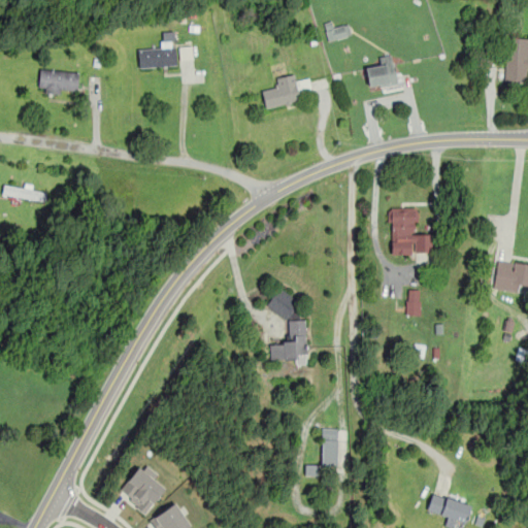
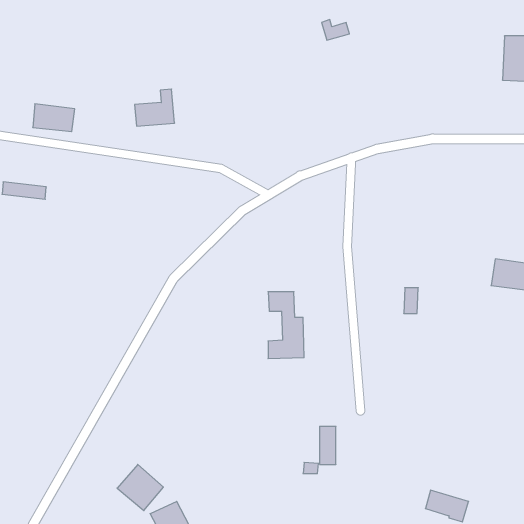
building: [137,32,177,69] -> [135,89,175,126]
building: [366,55,398,90] -> none
building: [38,68,80,96] -> [33,104,75,132]
building: [262,73,302,108] -> none
building: [390,208,433,256] -> none

